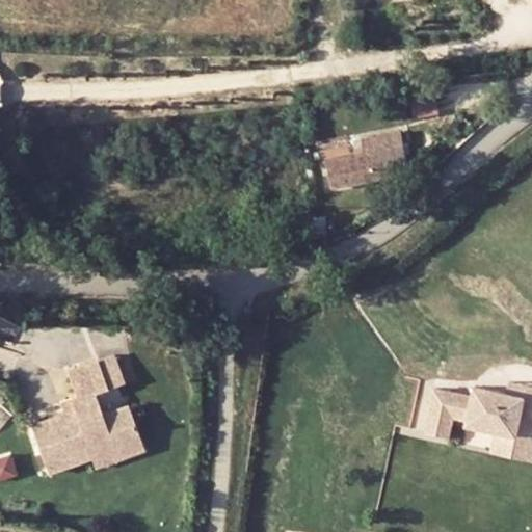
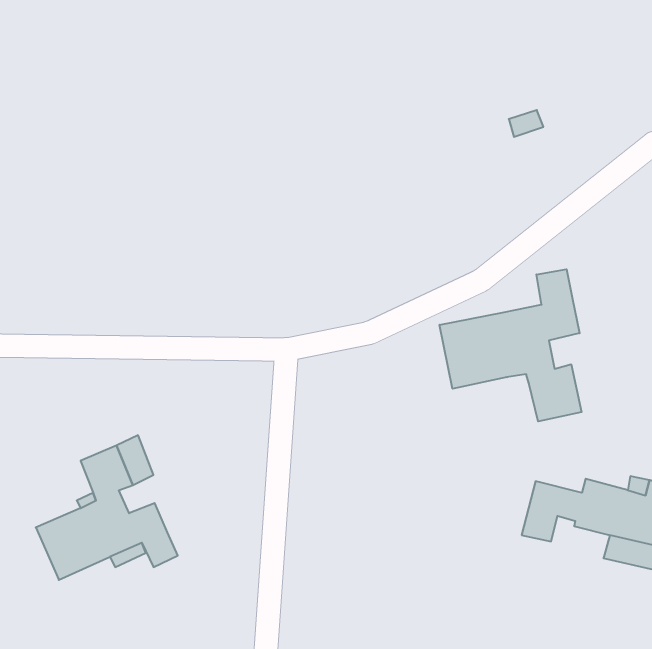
building: [327,127,409,183] -> none
building: none -> [440,269,582,421]

